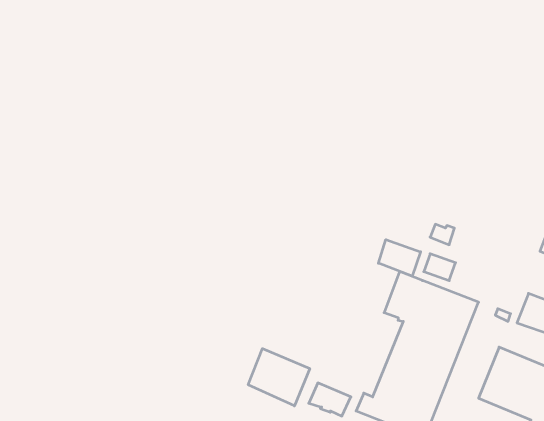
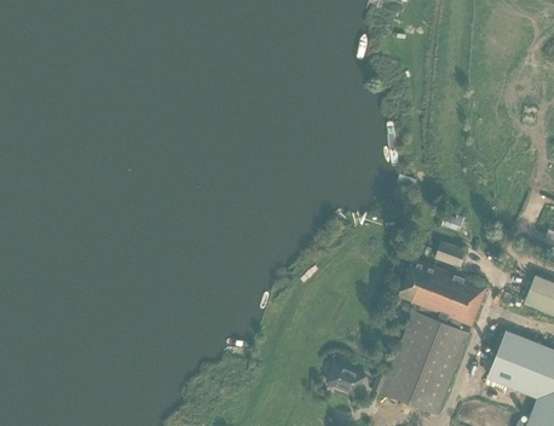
building: [378,240,421,276] -> none
building: [248,349,310,406] -> none

